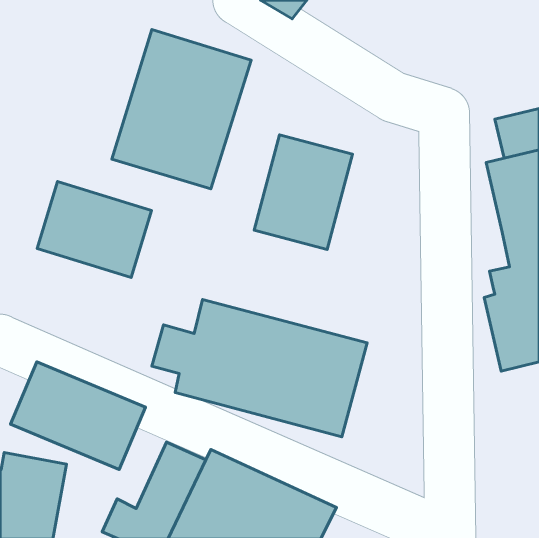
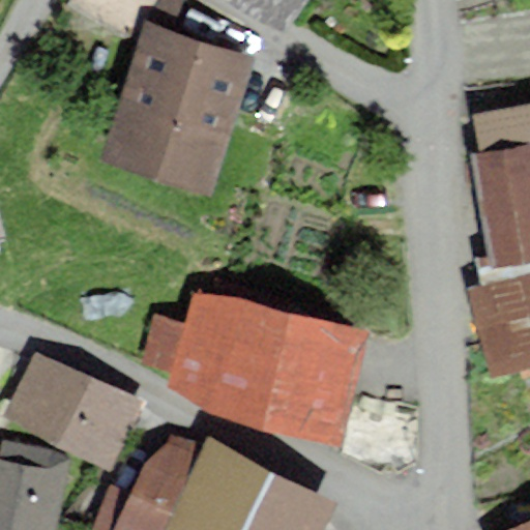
building: [254,135,353,249] -> none
building: [37,182,152,278] -> none

